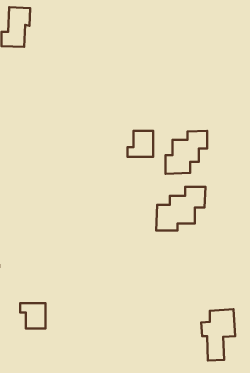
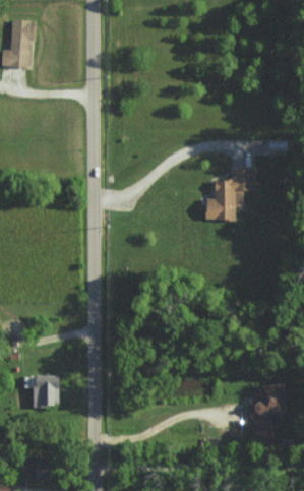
building: [128,131,153,157] -> none
building: [156,187,205,231] -> none

